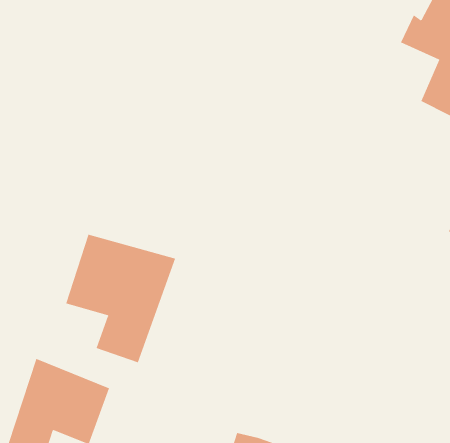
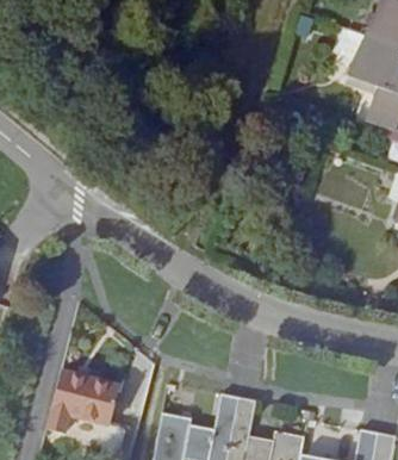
building: [66,234,176,363] -> none

